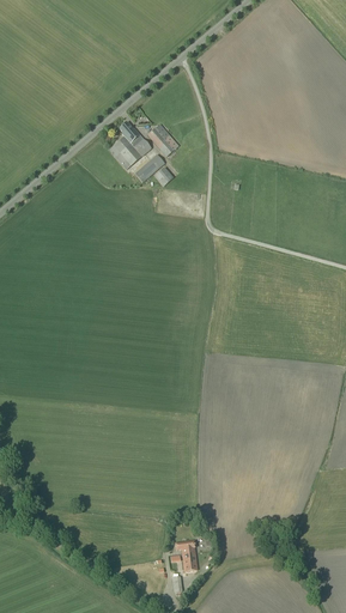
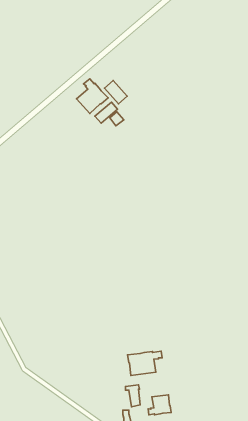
building: none -> [128,351,162,375]
building: none -> [148,395,171,415]

